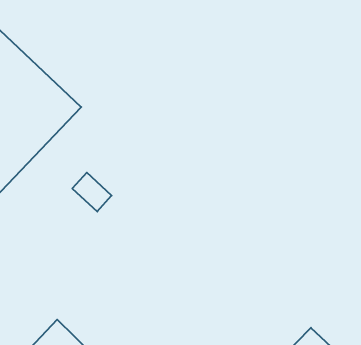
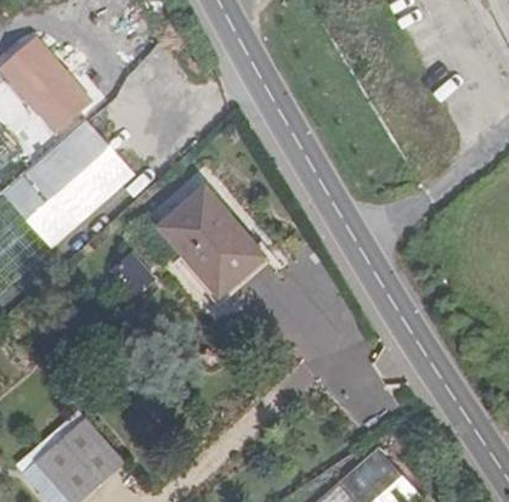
building: none -> [159,187,261,293]

